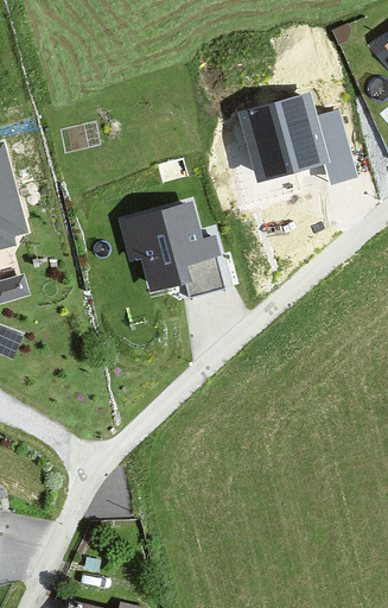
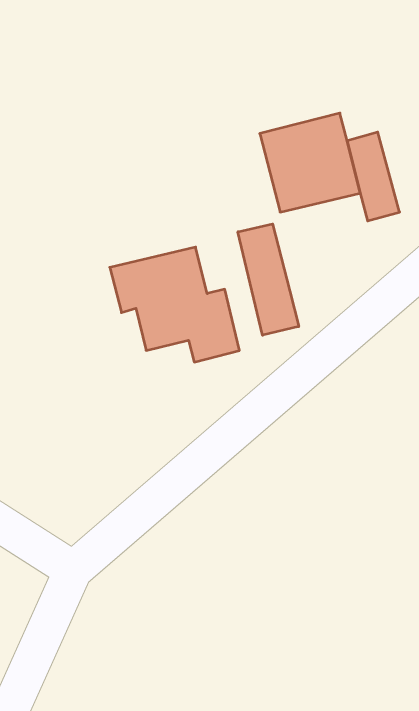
building: none -> [238,224,299,335]

